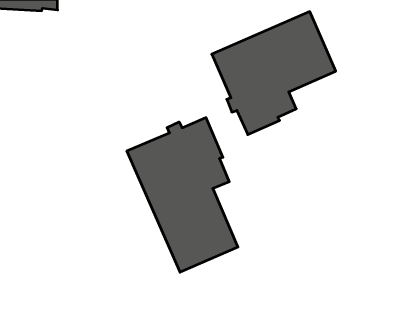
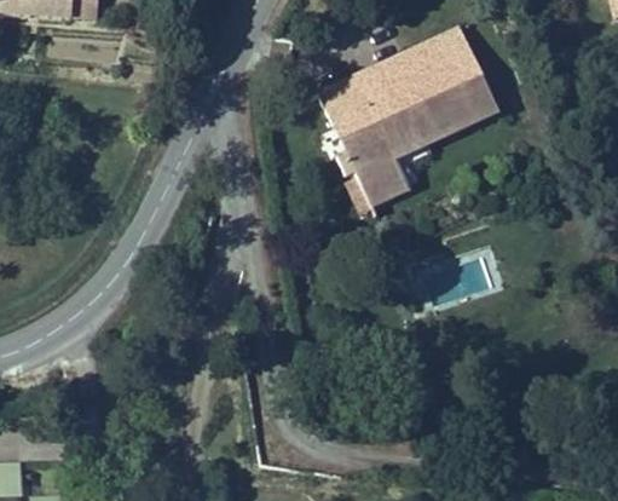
building: [127,118,238,272] -> none

